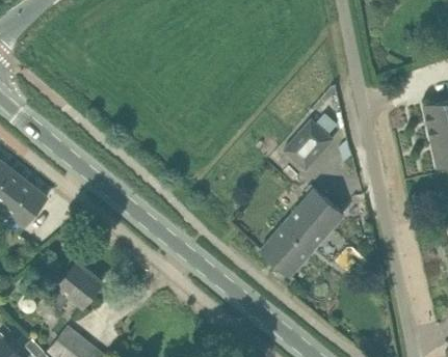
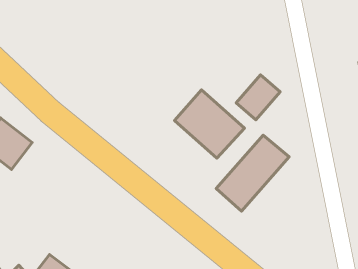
building: none -> [175,90,245,158]
building: [48,263,103,309] -> none

